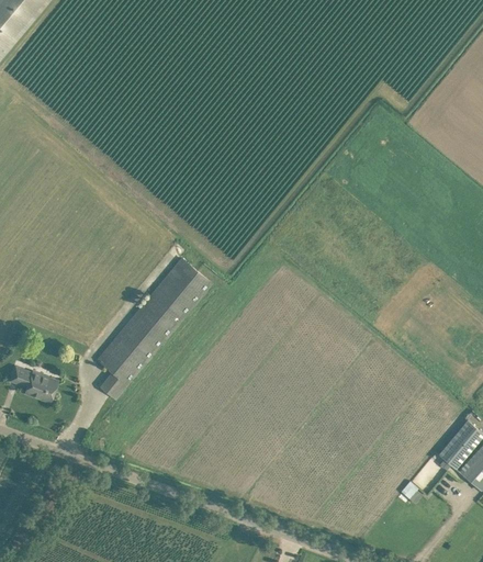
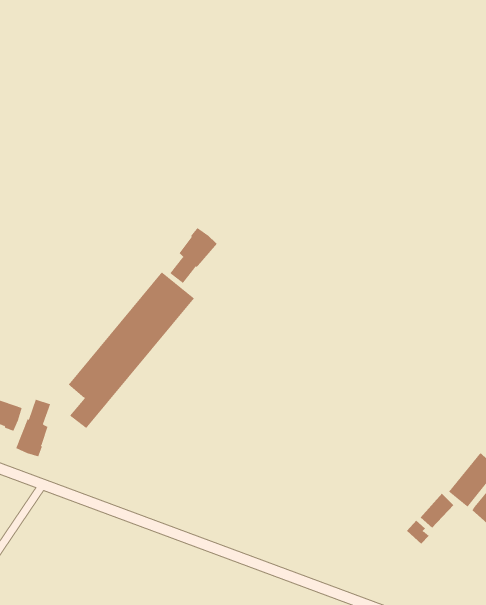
building: none -> [169,227,218,284]
building: none -> [15,399,51,457]

